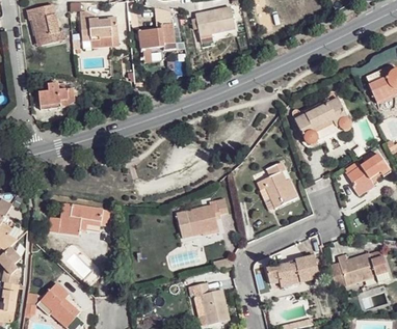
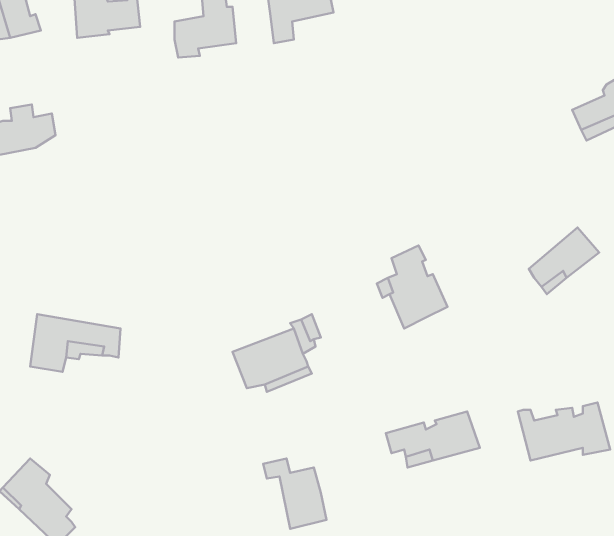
building: [294,97,353,145] -> none

